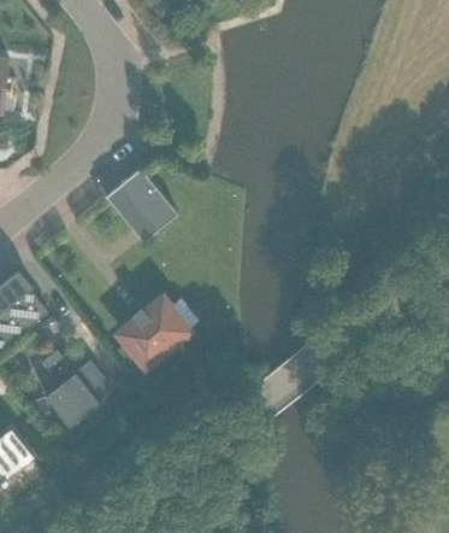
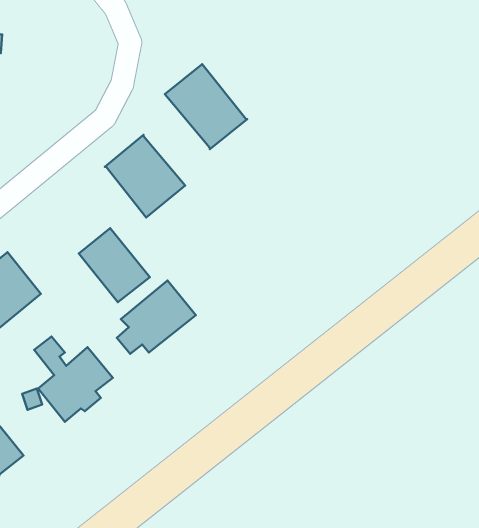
building: none -> [165,64,247,149]
building: none -> [79,228,150,302]

